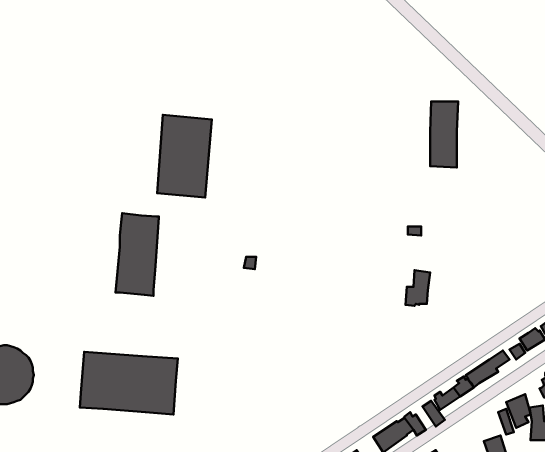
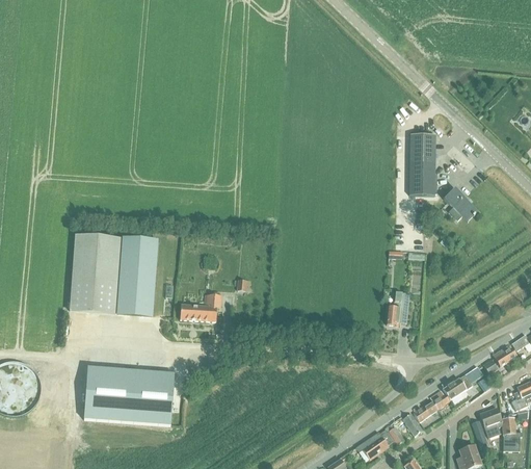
building: [157,115,212,198] -> [70,236,121,313]
building: none -> [444,187,477,220]
building: none -> [180,291,221,321]

